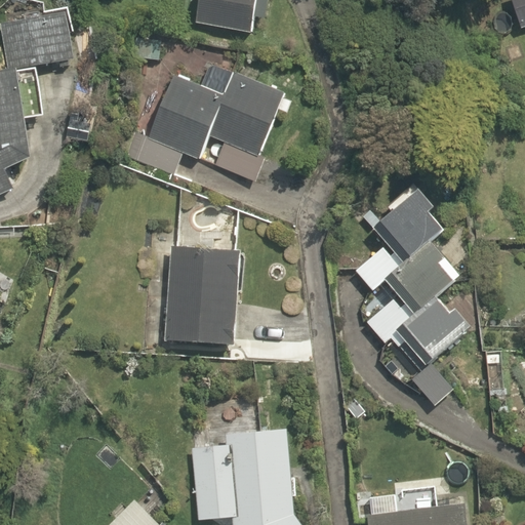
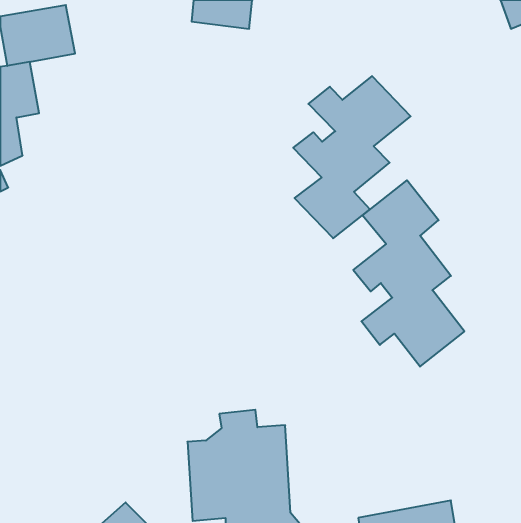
building: [139,43,284,184] -> none
building: none -> [293,76,411,238]
building: [164,247,235,342] -> none

